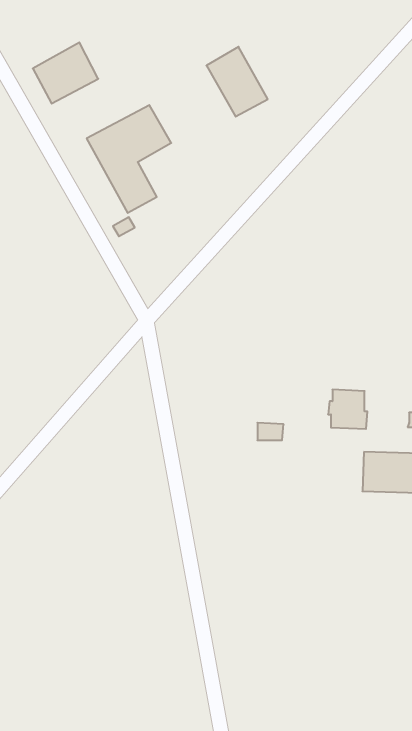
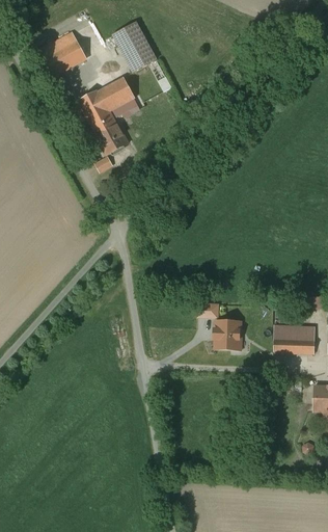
building: [206,47,268,117] -> [112,21,156,71]
building: [328,390,367,429] -> [213,320,241,348]

